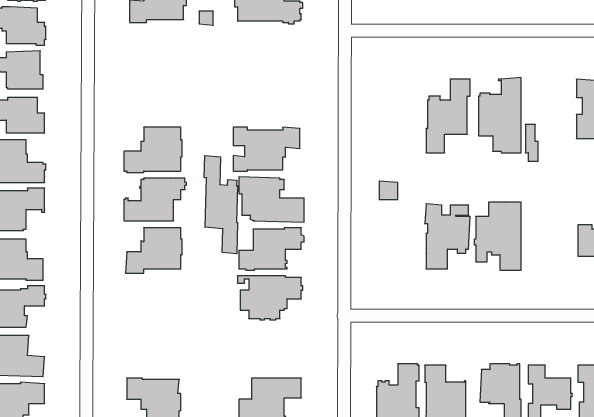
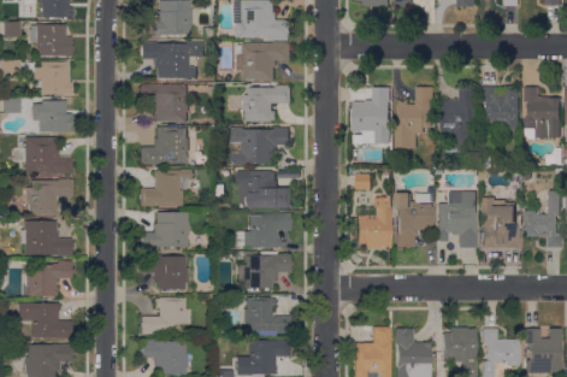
building: none -> [141,41,205,79]
building: none -> [236,41,290,79]
building: none -> [140,84,189,122]
building: none -> [243,84,291,120]
building: none -> [354,86,391,142]
building: none -> [483,86,519,125]
building: [204,156,238,254] -> none
building: none -> [358,194,392,248]
building: none -> [482,196,520,248]
building: none -> [140,255,188,289]
building: none -> [140,298,187,334]
building: none -> [243,298,291,334]

